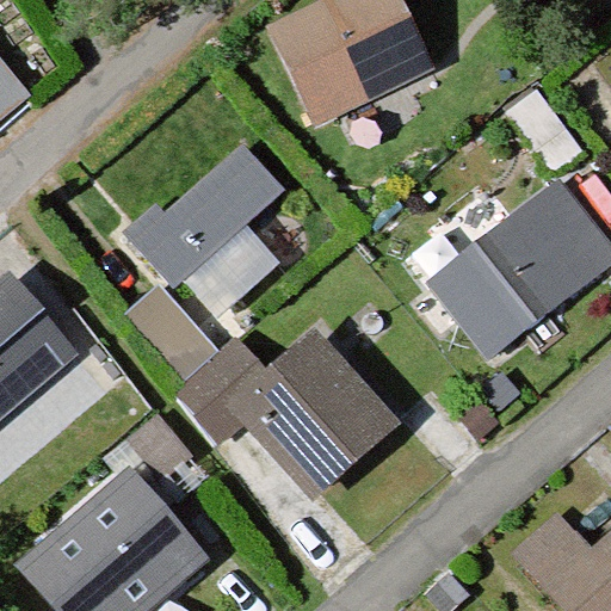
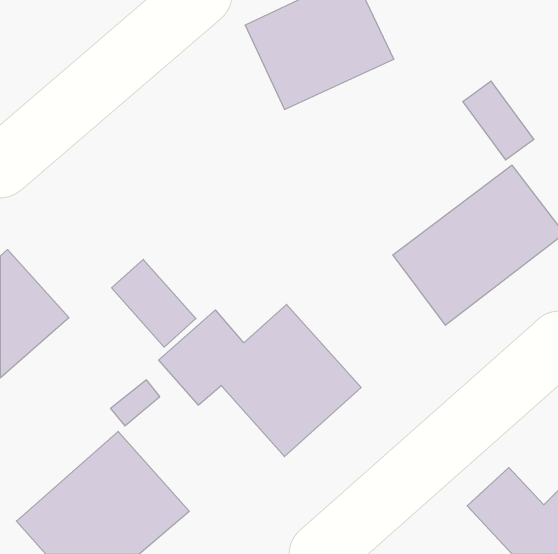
building: [125,146,285,316] -> none

